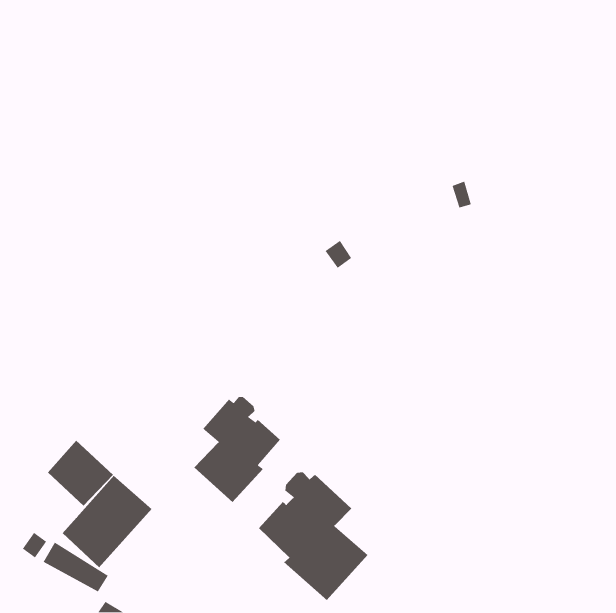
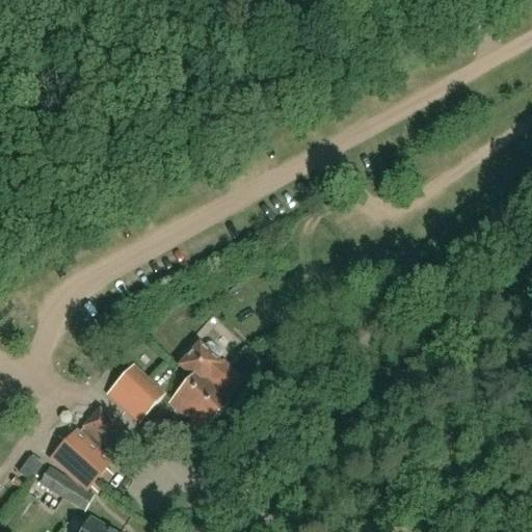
building: [47,440,114,506] -> [106,364,163,421]
building: [258,472,368,601] -> none

